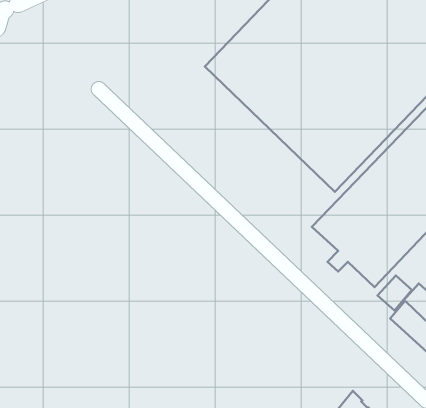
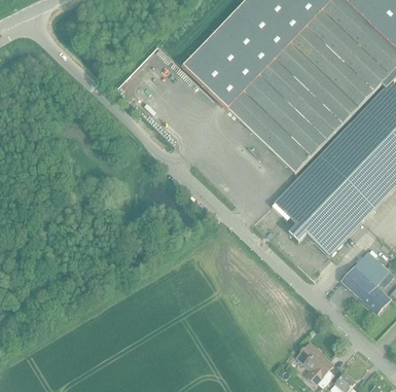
building: [378,275,412,310] -> none

